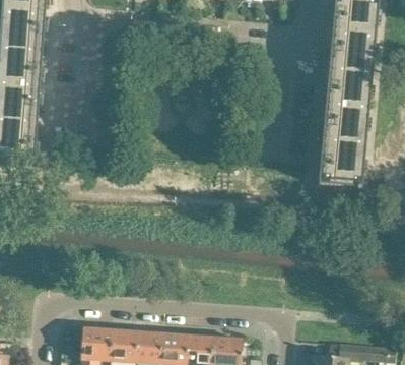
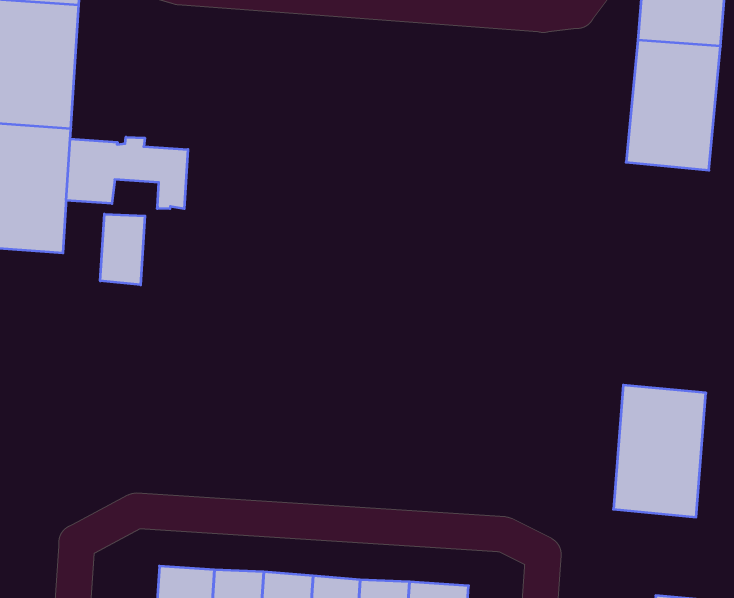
building: none -> [66,137,188,209]
building: [320,120,367,188] -> [613,385,706,517]
building: none -> [100,214,145,285]

